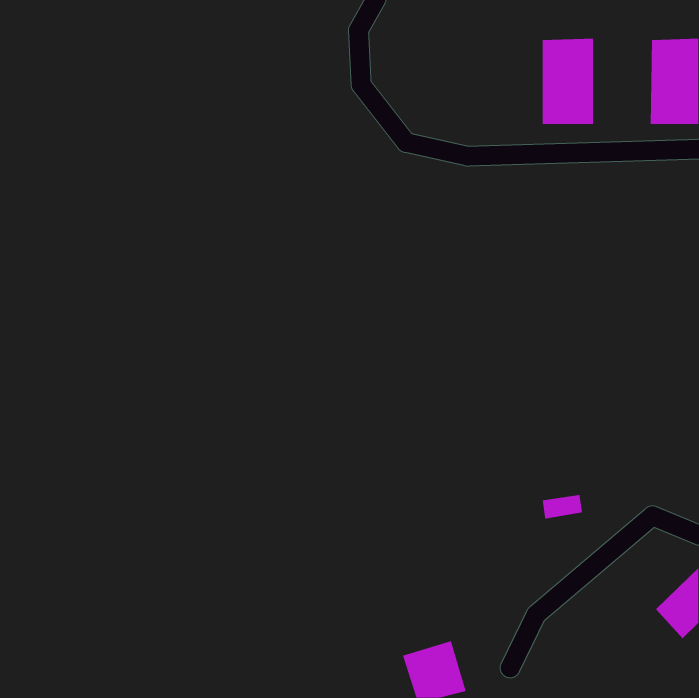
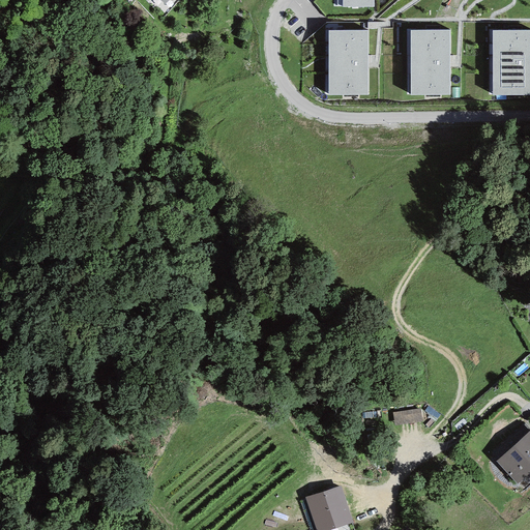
building: none -> [328,29,367,94]
building: [542,495,583,519] -> [392,407,423,425]

